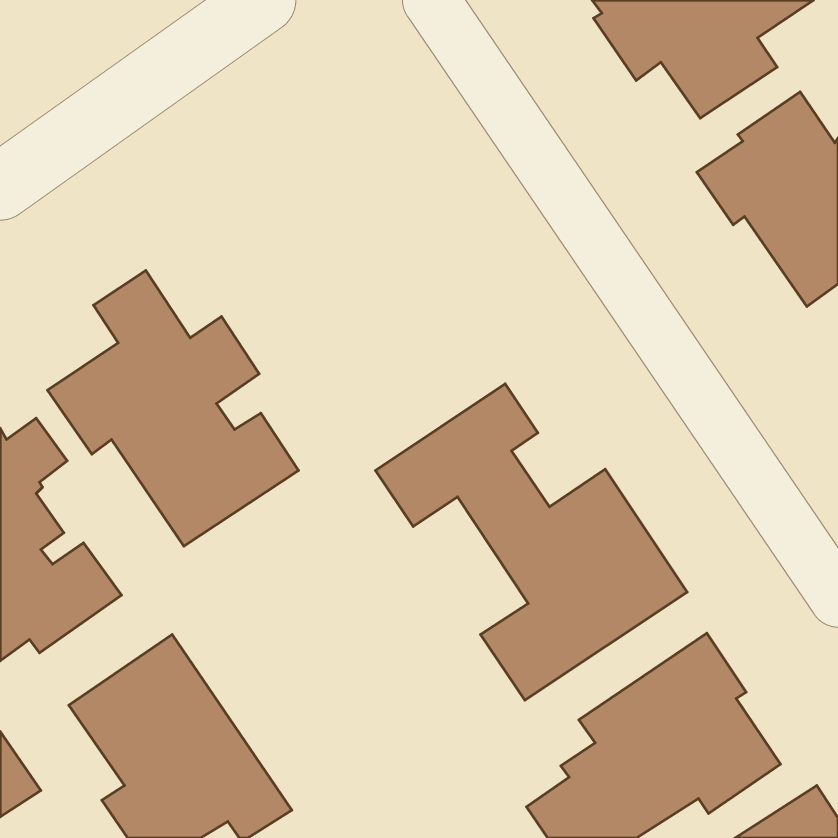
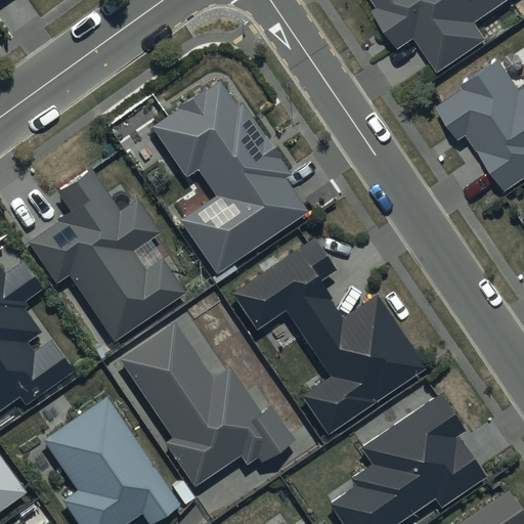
building: none -> [151,82,309,274]
building: none -> [120,323,296,487]

